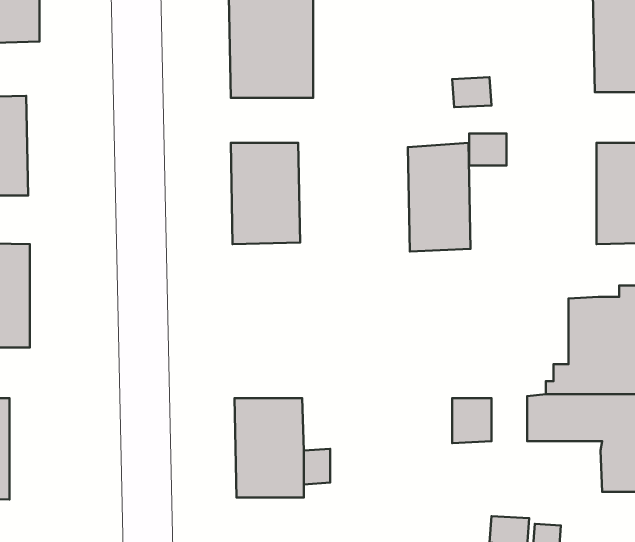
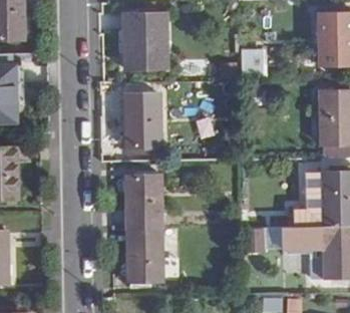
building: [408,143,471,251] -> none
building: none -> [125,176,162,230]

